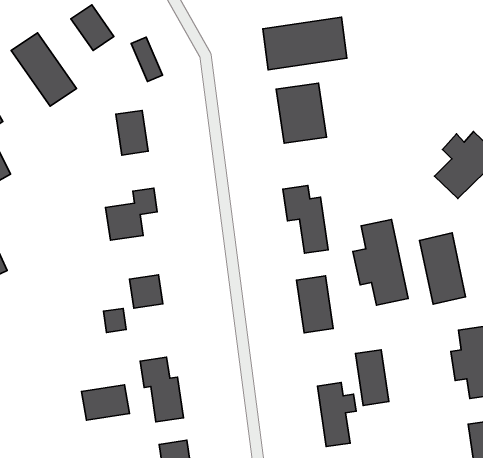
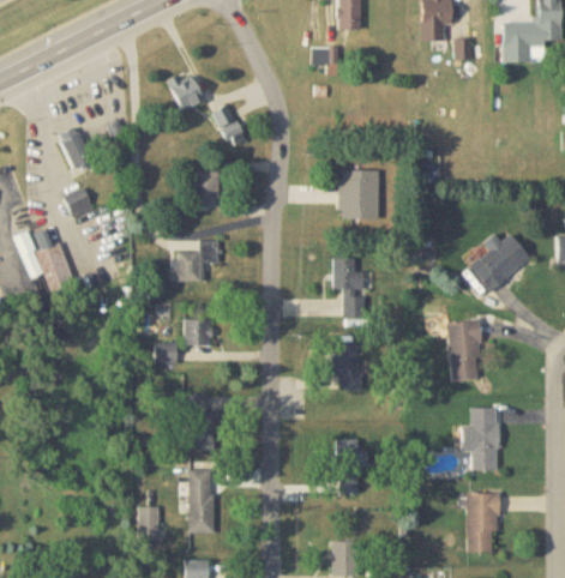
building: [263,17,347,70] -> none
building: [11,33,76,106] -> none
building: [353,220,408,305] -> none
building: [355,350,389,405] -> none
building: [82,385,130,420] -> none

